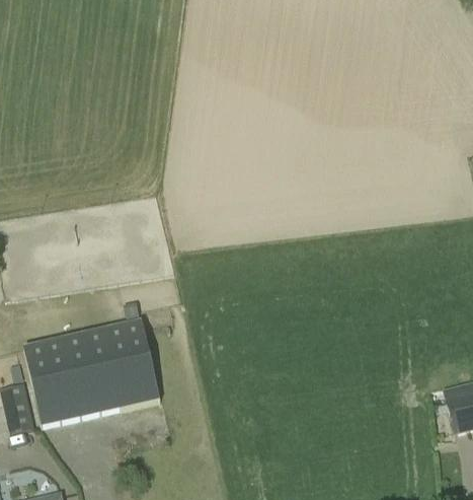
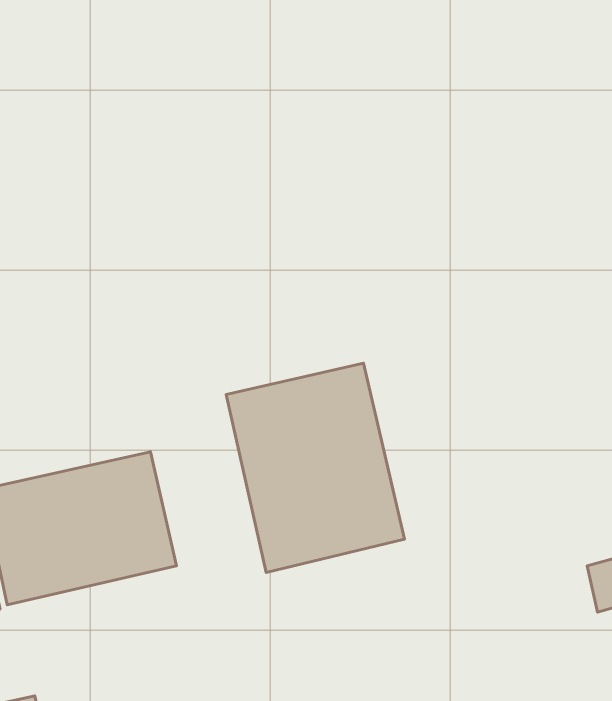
building: none -> [226,363,404,572]

